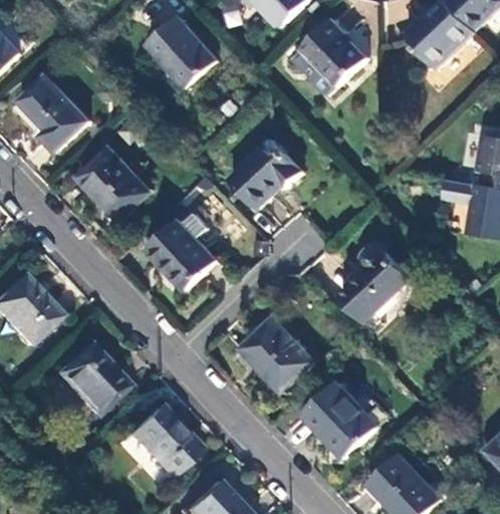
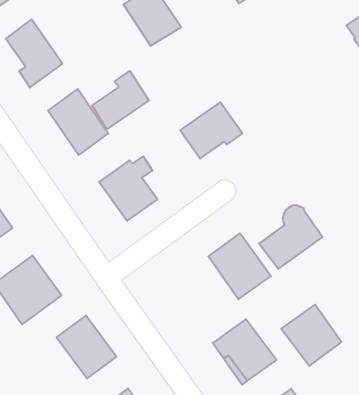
building: [293,18,366,94] -> none
building: none -> [92,71,149,129]
building: [240,317,314,393] -> [208,233,271,299]
building: none -> [281,305,341,366]

